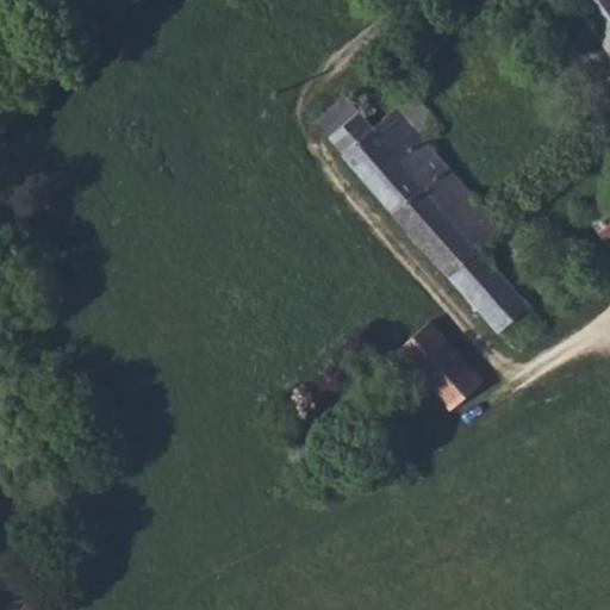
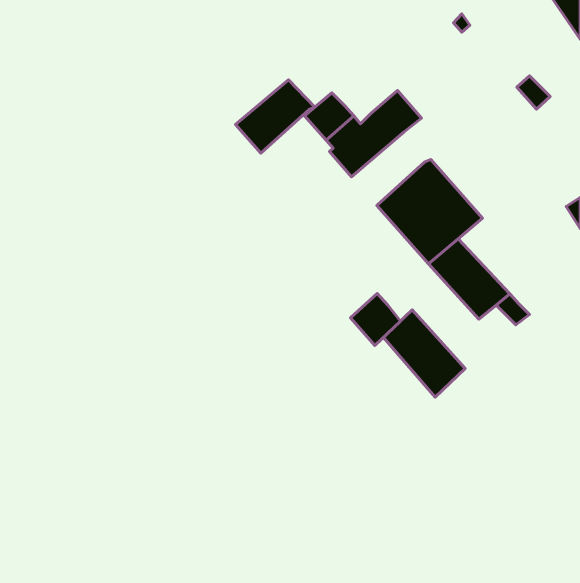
building: [365,137,447,213] -> [236,80,315,153]
building: none -> [350,294,400,345]

